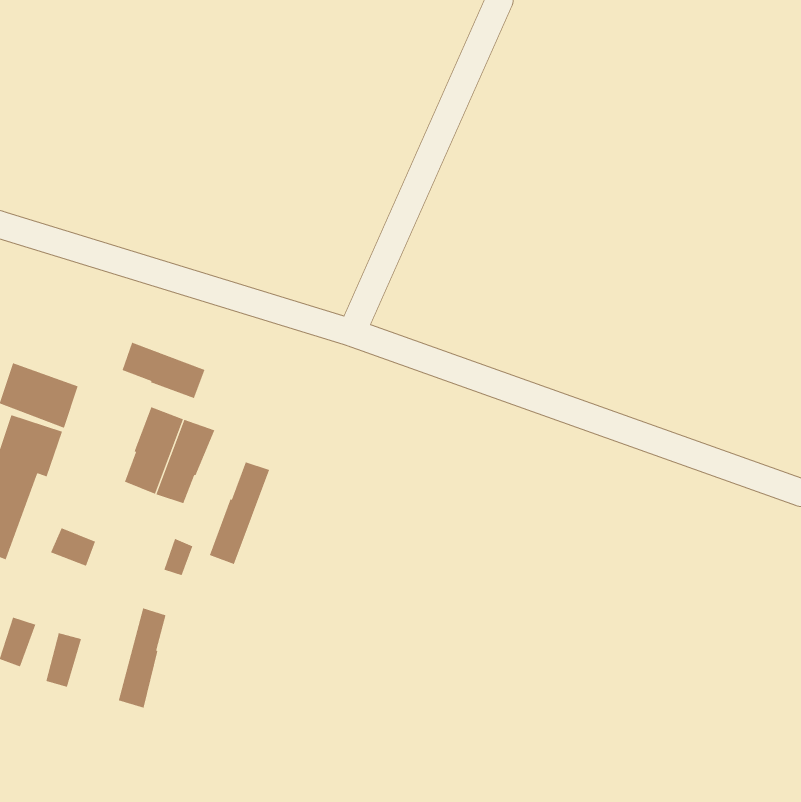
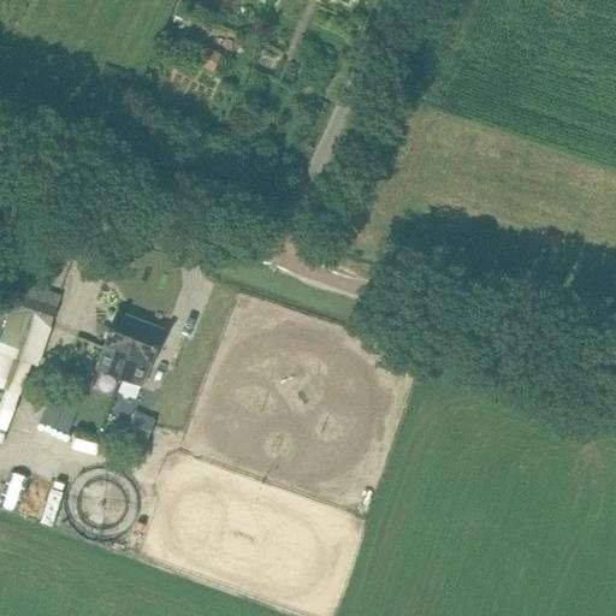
building: [122,342,205,399] -> none
building: [209,461,270,565] -> none
building: [118,607,166,709] -> none

